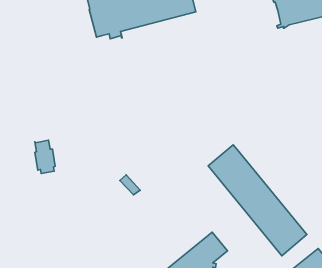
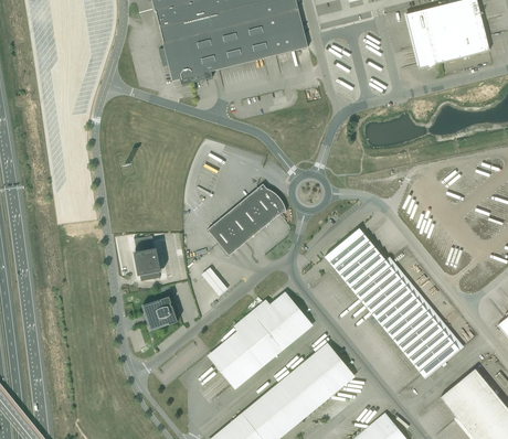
building: none -> [208,183,286,255]
building: [35,140,55,174] -> [134,235,161,280]
building: none -> [142,296,178,330]
building: none -> [211,296,309,385]

